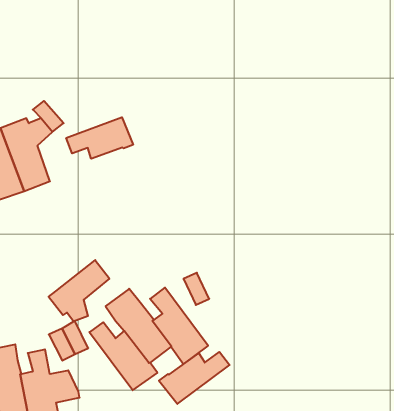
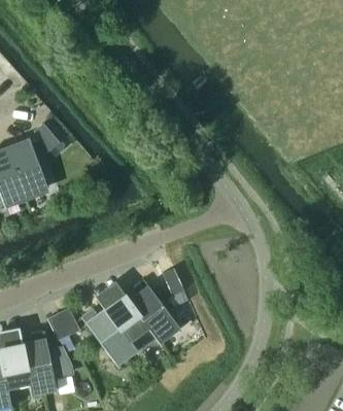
building: [66,117,133,159] -> none
building: [49,260,109,321] -> none
building: [159,352,230,404] -> none

